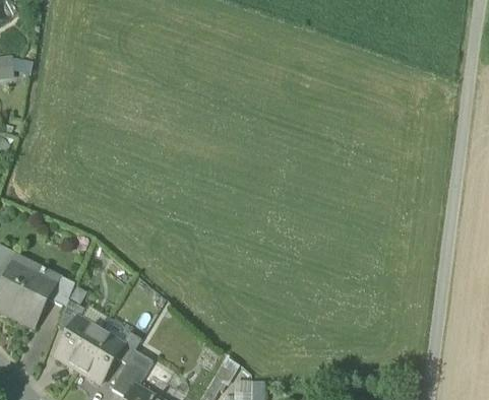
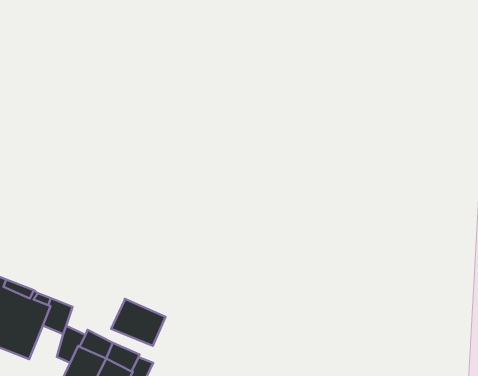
building: none -> [111,299,166,346]

